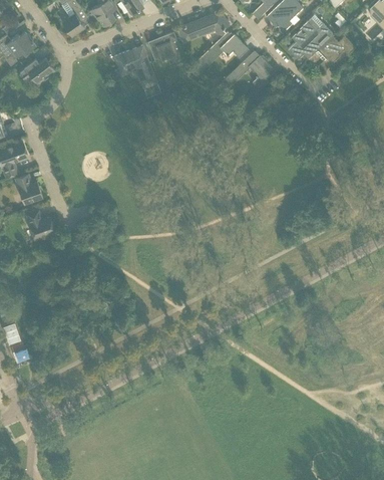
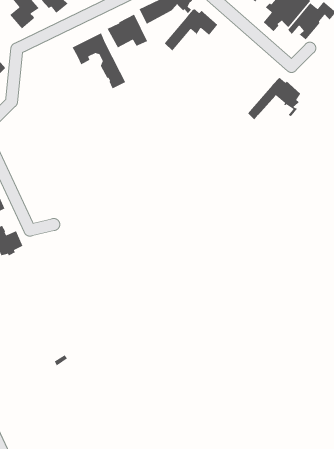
building: [220,49,270,86] -> [247,77,301,120]

